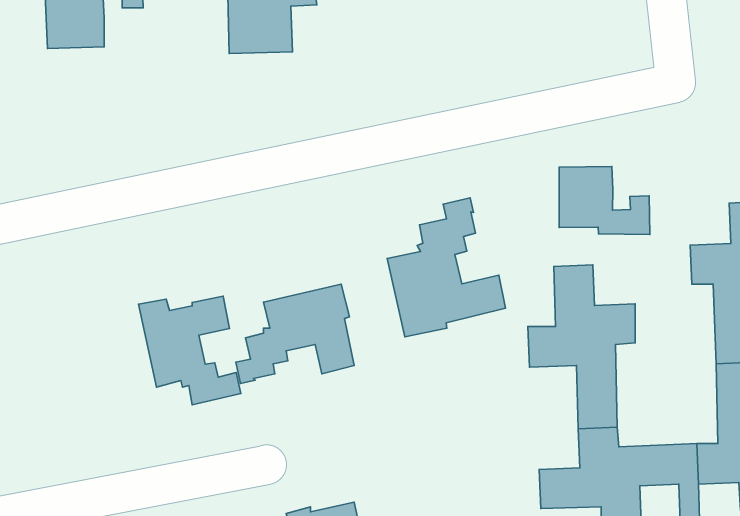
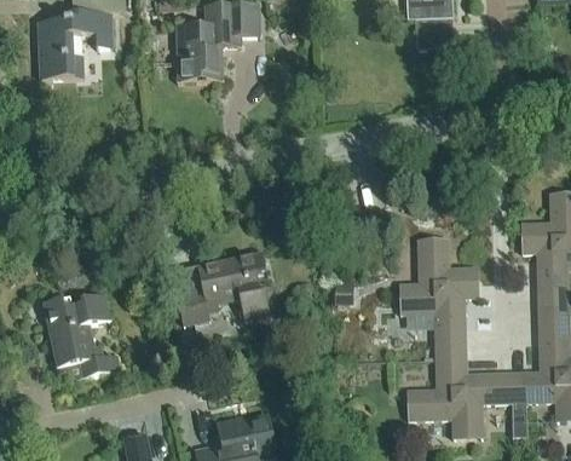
building: [559,166,650,234] -> none
building: [387,198,506,337] -> none
building: [139,296,241,405] -> [44,296,120,378]

